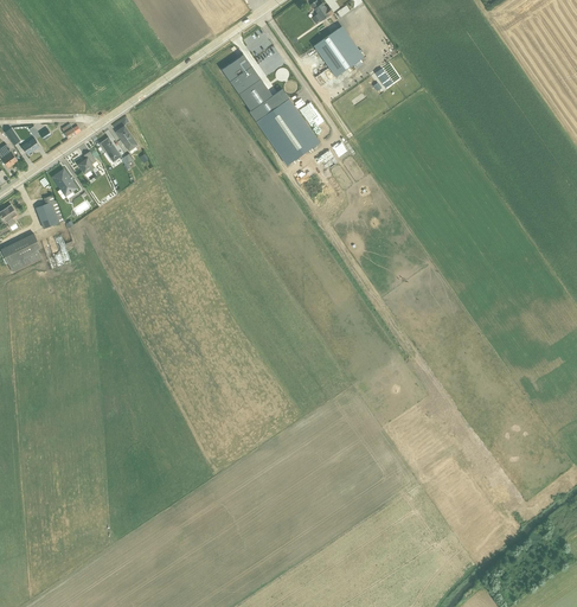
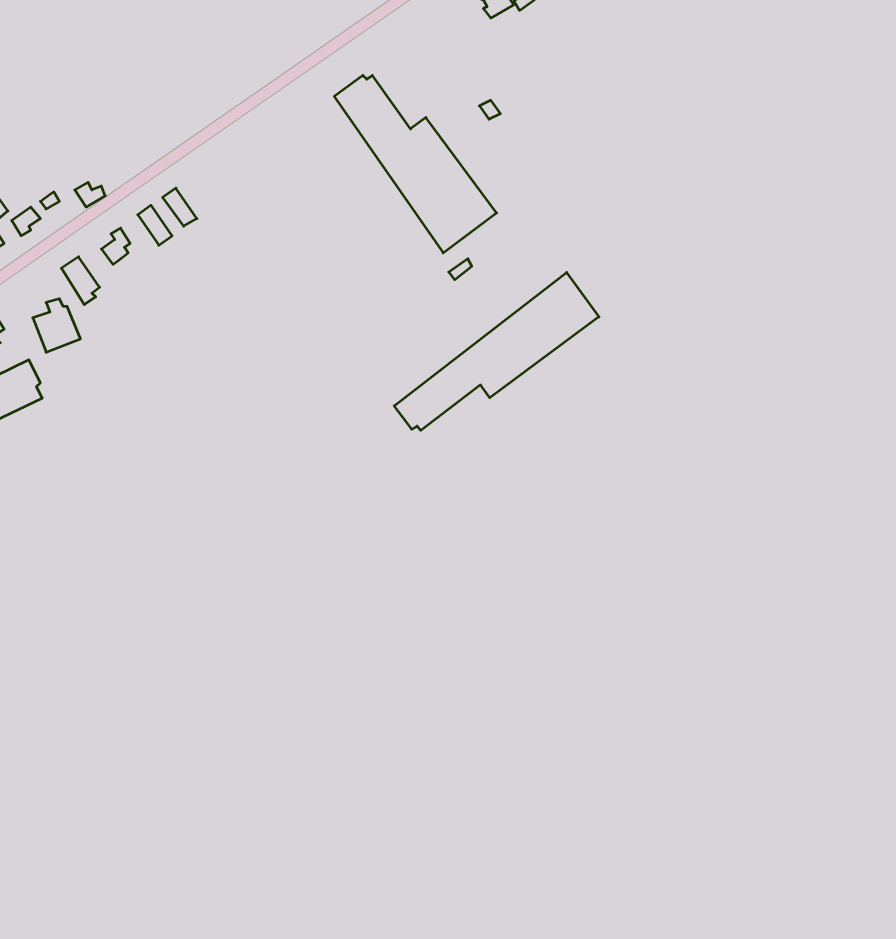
building: [313,25,363,76] -> none
building: none -> [394,272,599,430]

